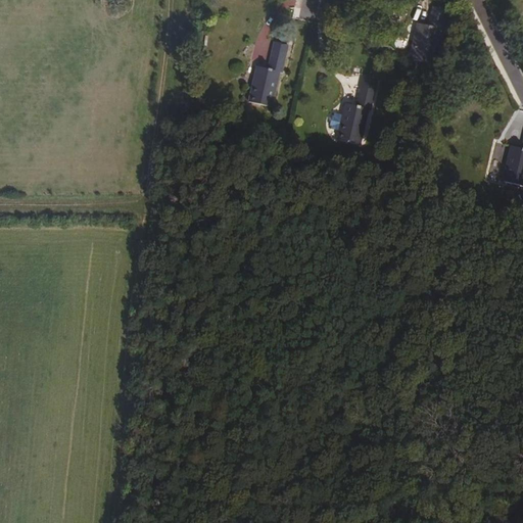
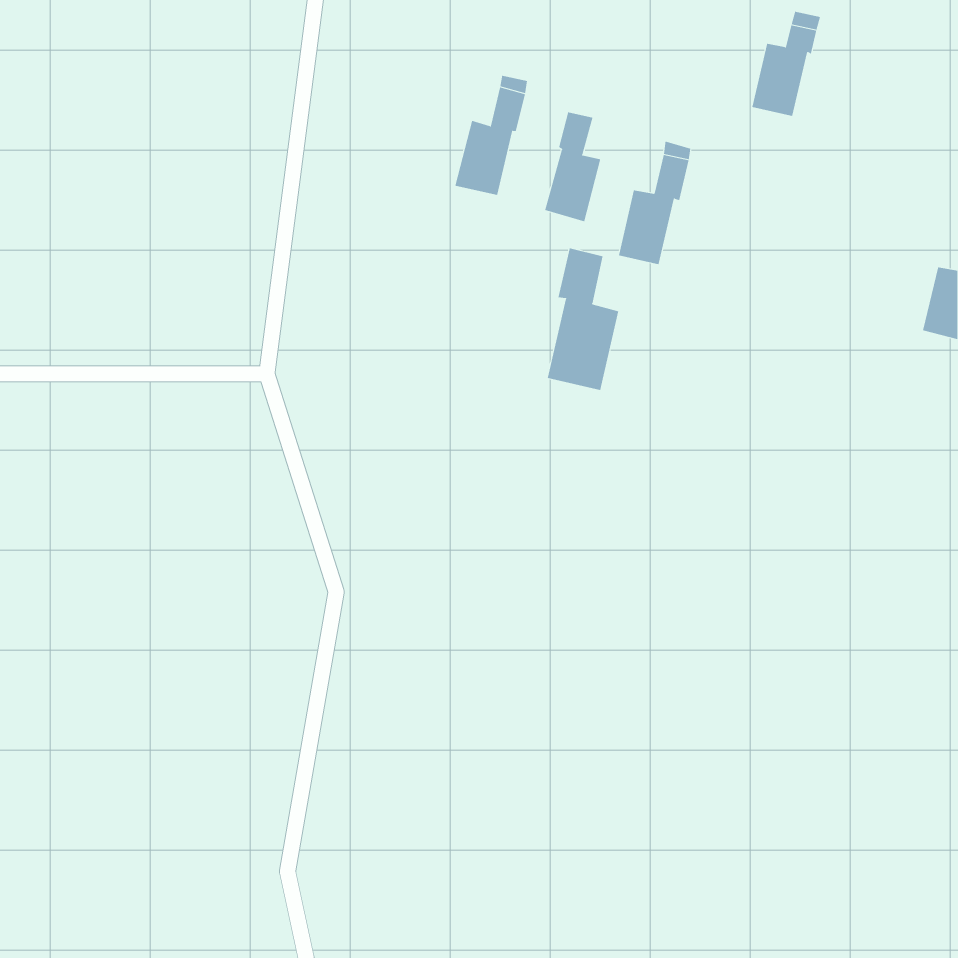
building: none -> [545,111,601,222]
building: none -> [547,248,619,391]

